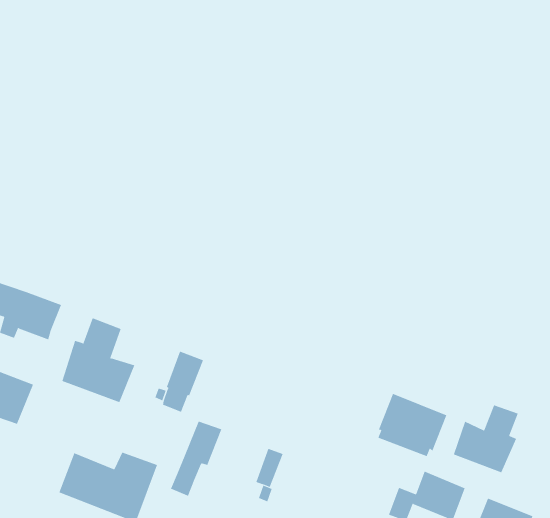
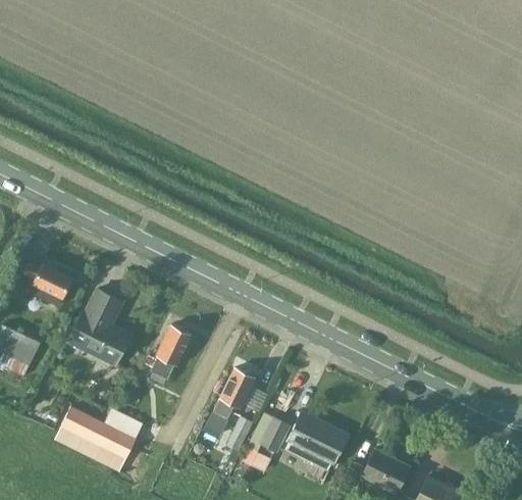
building: [378,393,447,457] -> [286,411,349,469]
building: [453,405,518,473] -> none
building: [170,421,222,497] -> [206,368,256,434]
building: none -> [247,412,289,454]

